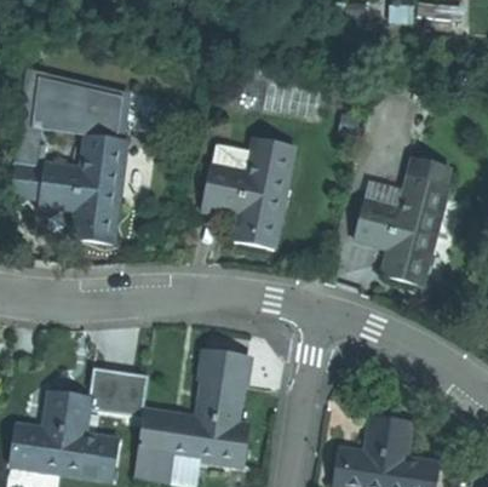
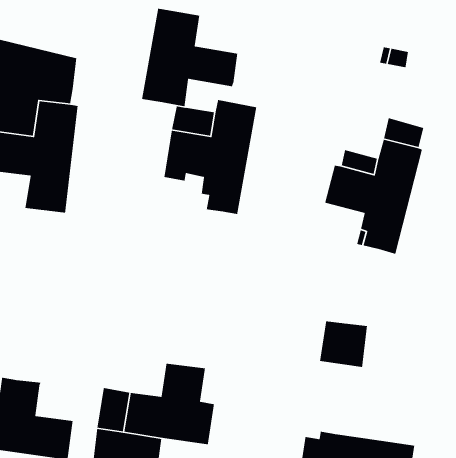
building: none -> [141,8,238,107]
building: [201,355,249,393] -> none
building: [86,366,148,417] -> none
building: [364,414,411,459] -> [319,320,368,368]

